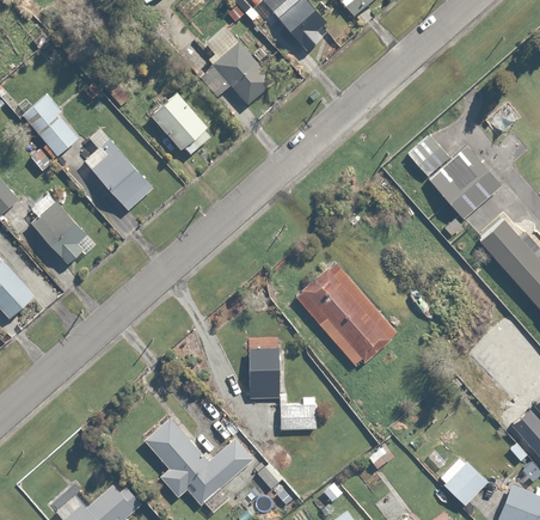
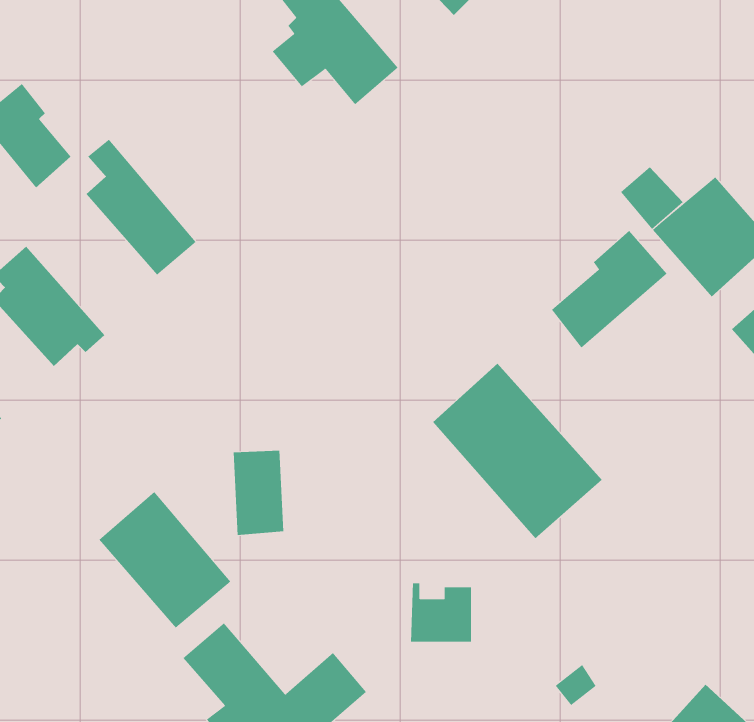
building: [147,90,209,154] -> none
building: none -> [551,230,667,348]
building: none -> [99,491,231,628]
building: [247,347,278,398] -> [233,450,284,535]

